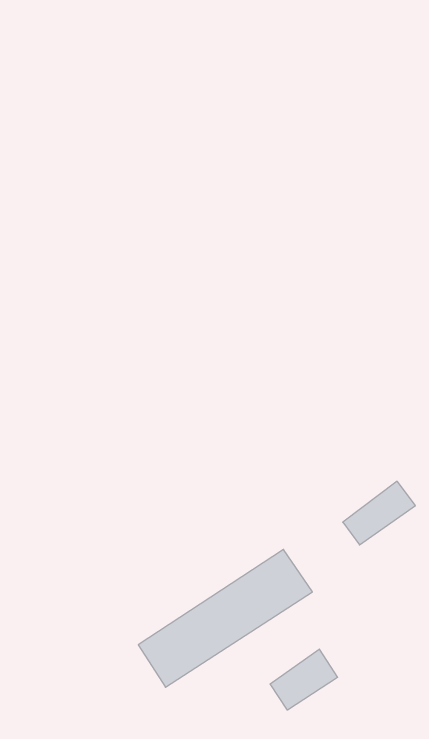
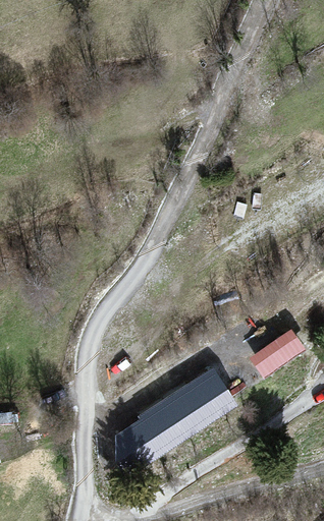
building: [270,649,338,710] -> none

